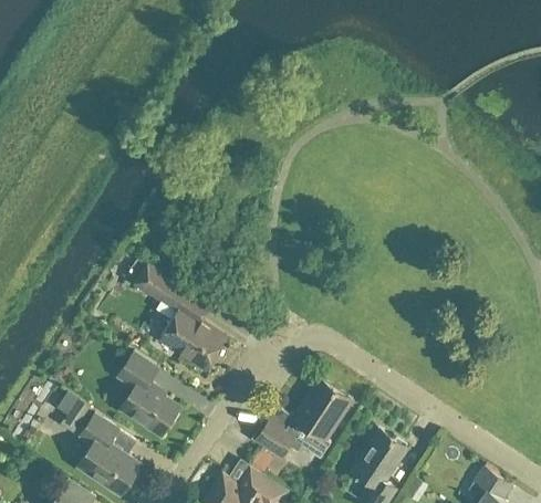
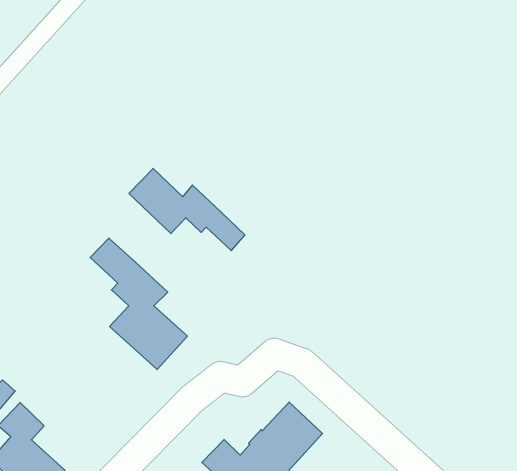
building: none -> [129,168,245,251]
building: [117,353,179,437] -> none

